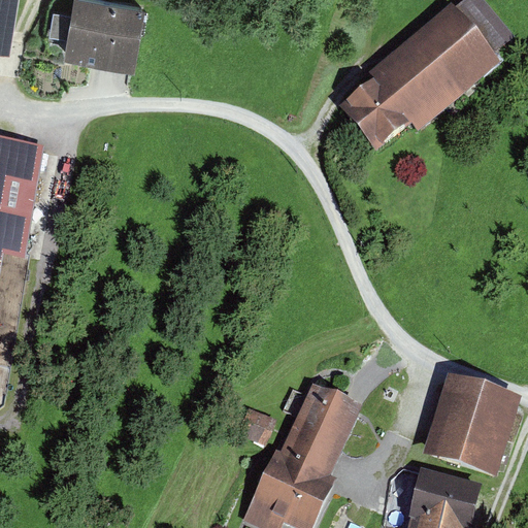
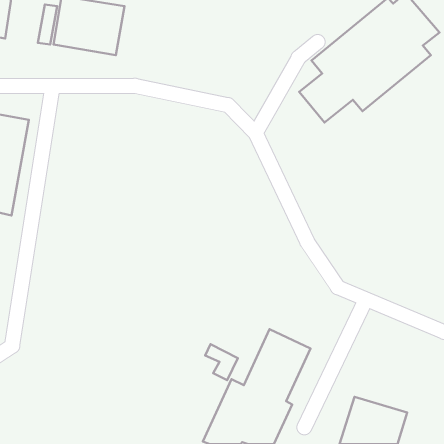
building: [417,376,514,473] -> none

